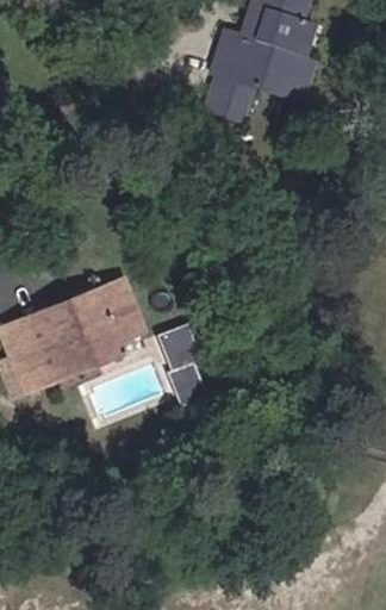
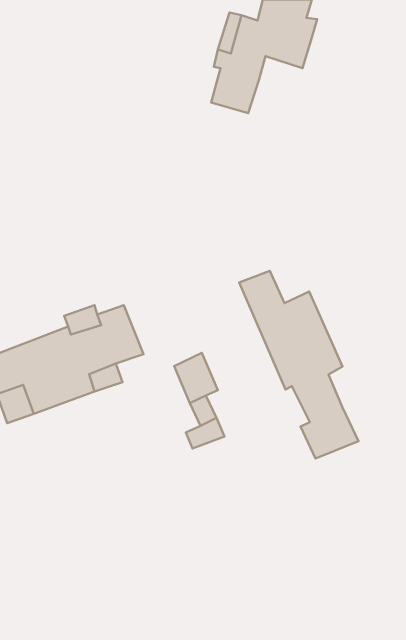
building: [248,44,310,98] -> none
building: none -> [239,271,358,459]

